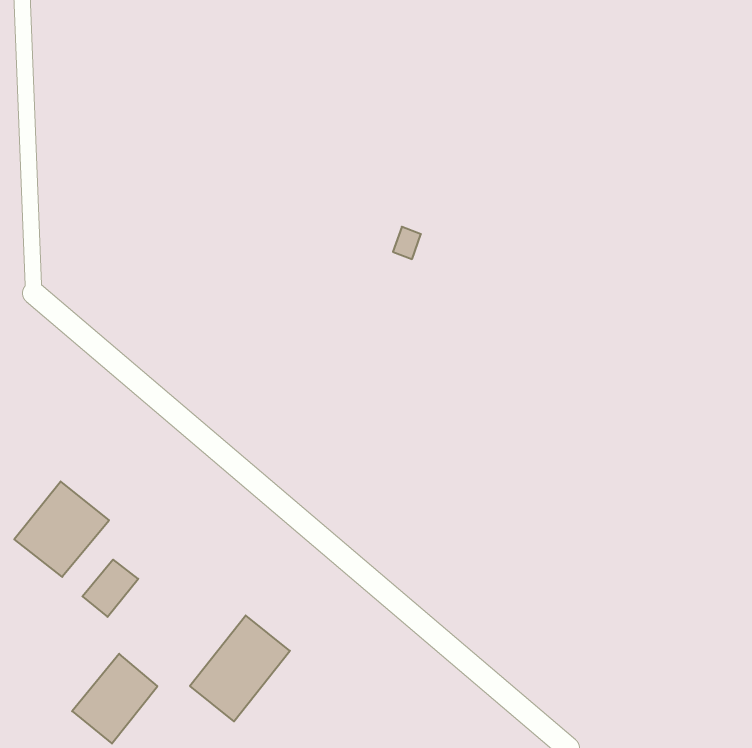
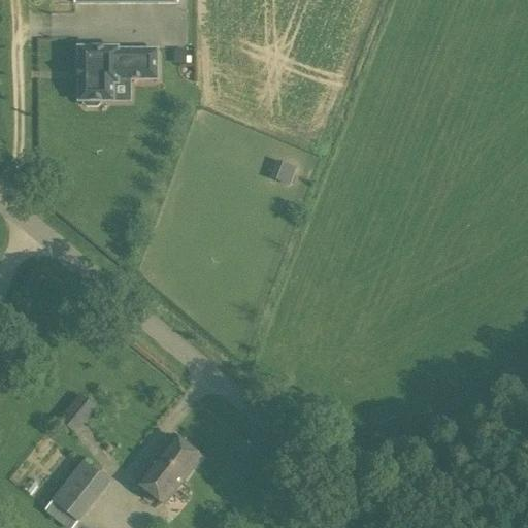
building: none -> [78,46,158,105]
building: [14,481,109,577] -> none

